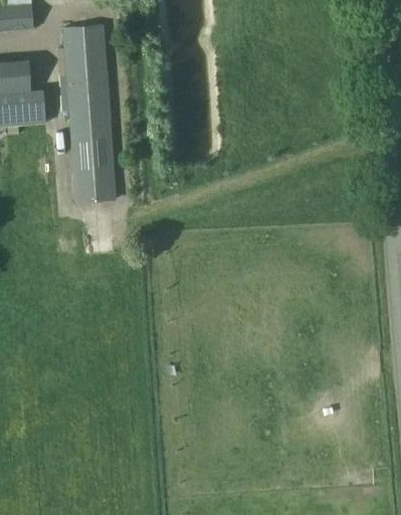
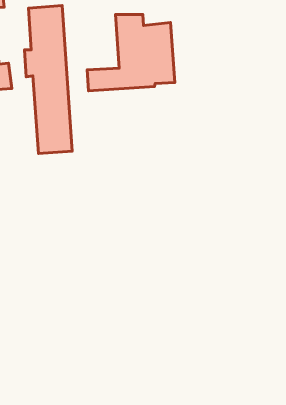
building: none -> [87,14,175,91]

